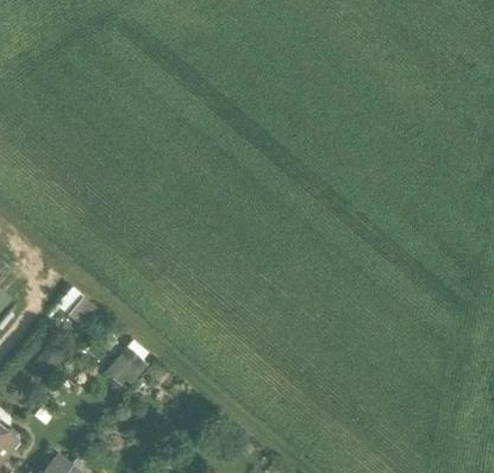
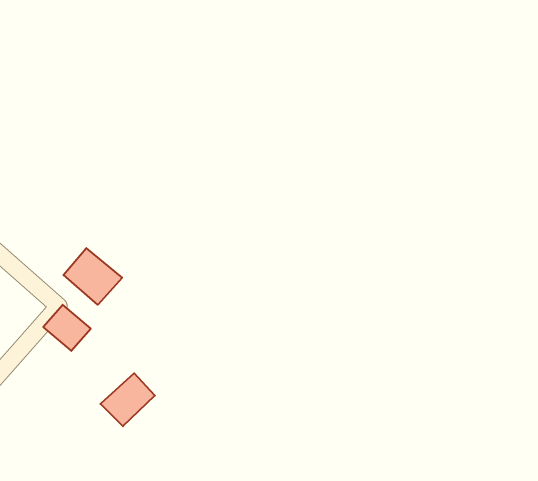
building: none -> [63,248,122,305]

